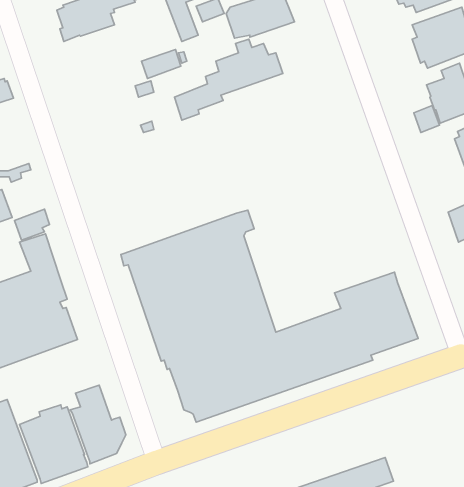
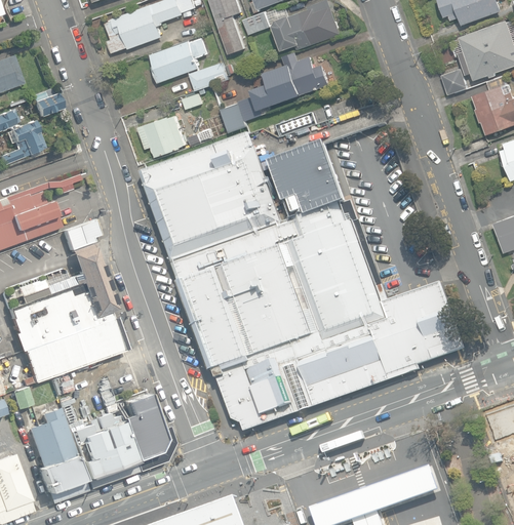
building: none -> [150,38,207,82]
building: none -> [137,115,186,157]
building: [414,105,440,132] -> [440,69,466,95]
building: none -> [139,133,283,264]
building: none -> [269,142,387,341]

